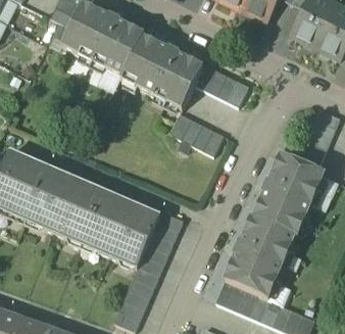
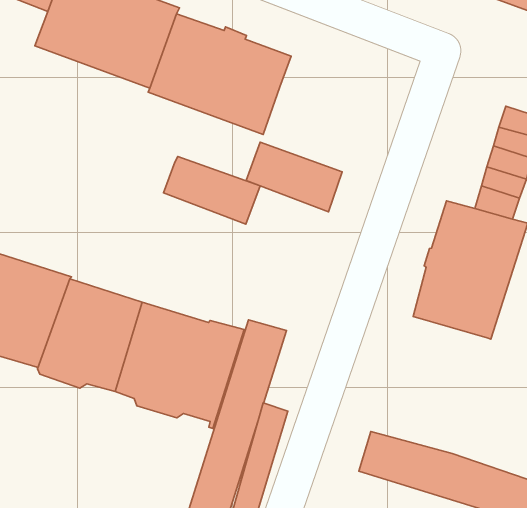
building: [194,63,248,105] -> [164,156,260,224]
building: [226,218,294,297] -> none

